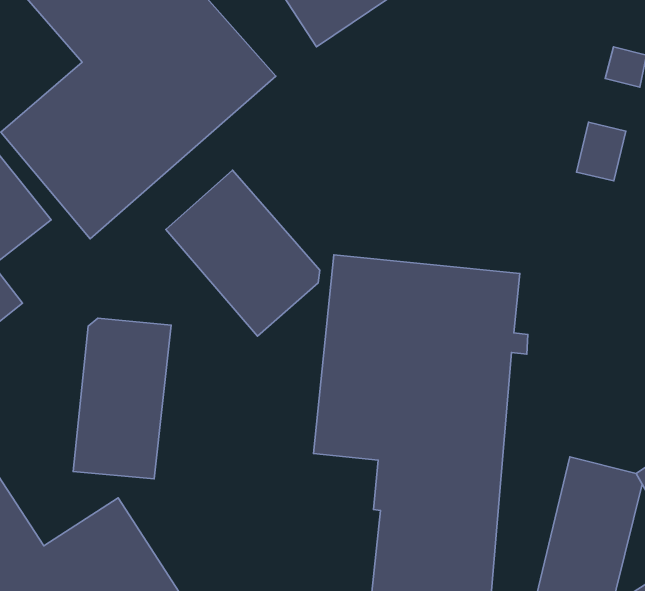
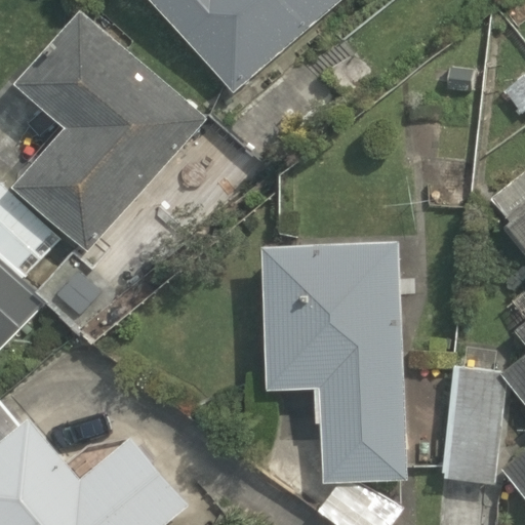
building: [166,170,320,336] -> none
building: [73,318,171,479] -> none

